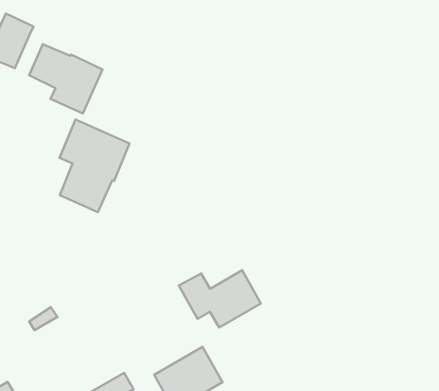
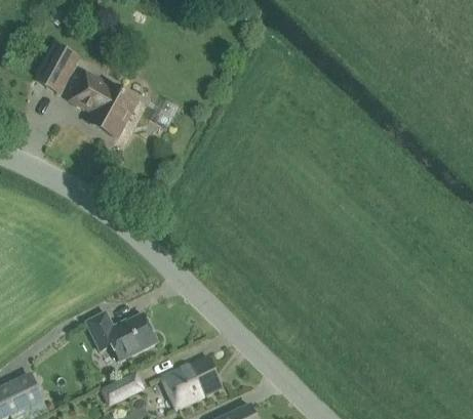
building: [59,120,129,212] -> none
building: [179,270,261,327] -> [86,310,158,360]

